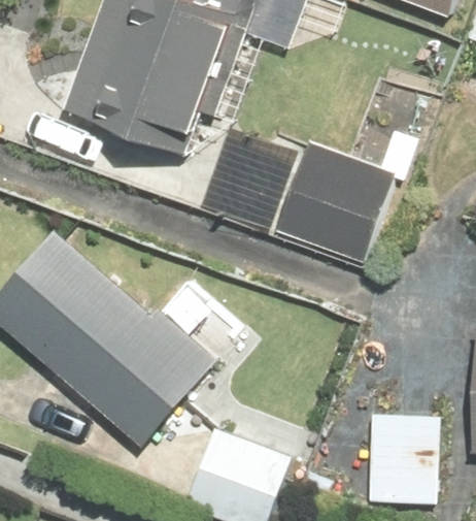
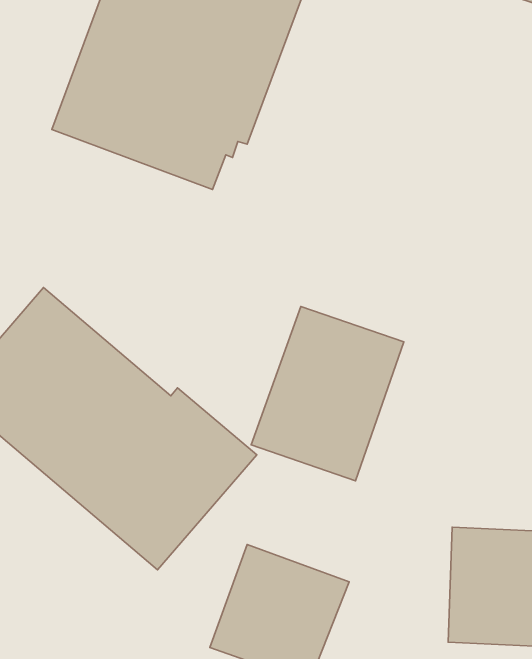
building: [276,142,394,262] -> none
building: none -> [251,306,404,481]

